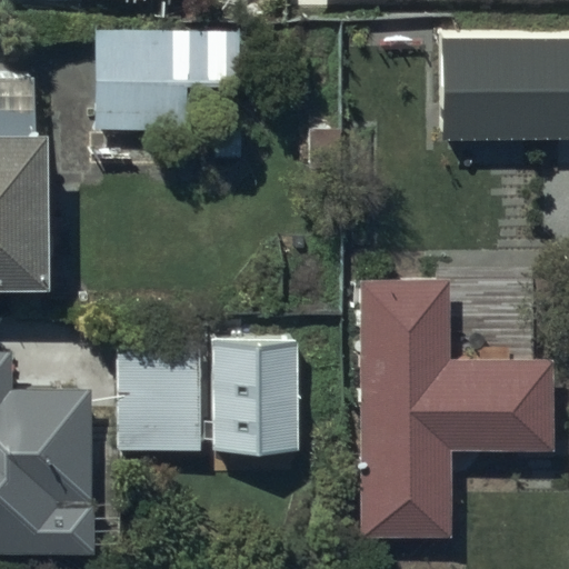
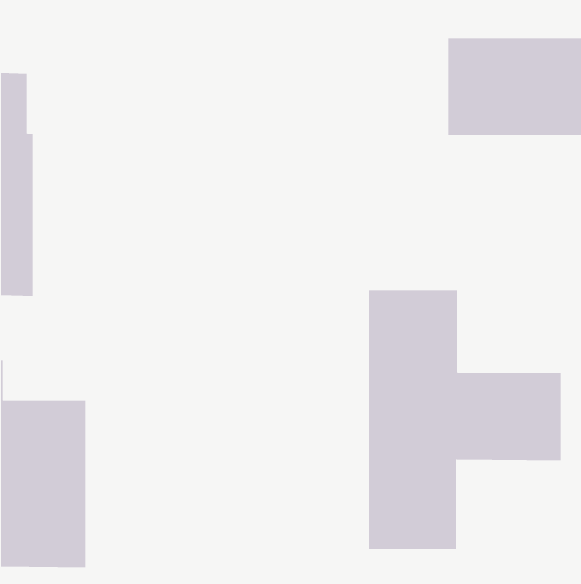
building: [96,32,236,131] -> none
building: [211,338,296,455] -> none
building: [118,340,200,451] -> none

